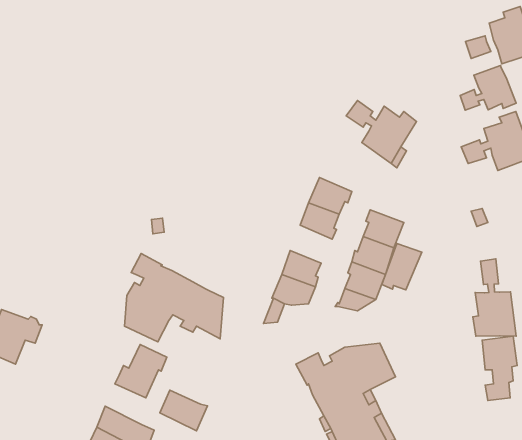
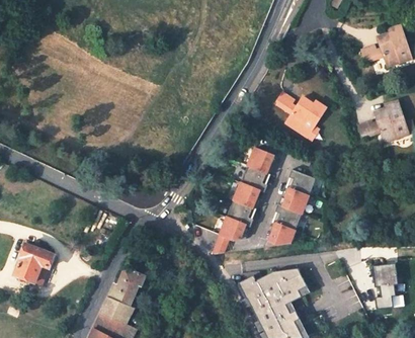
building: [460,65,516,110] -> none
building: none -> [233,182,263,209]
building: [382,243,422,290] -> none
building: [124,254,224,342] -> none
building: [473,259,516,336] -> none
building: [160,390,208,431] -> [99,297,134,326]

